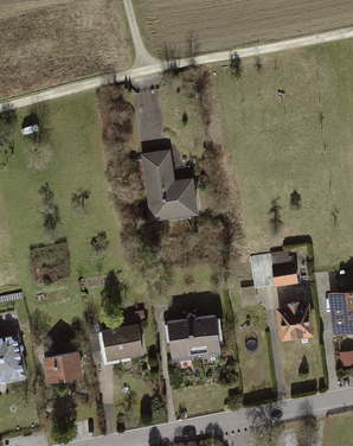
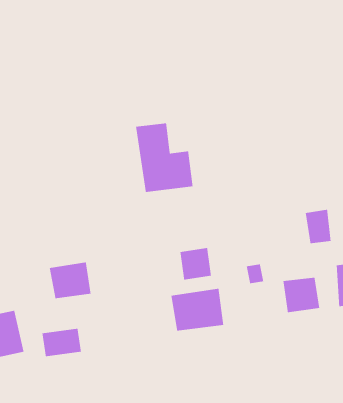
building: [267,254,293,288] -> [305,209,332,244]
building: none -> [179,247,212,280]
building: [102,324,143,361] -> [49,261,91,299]

